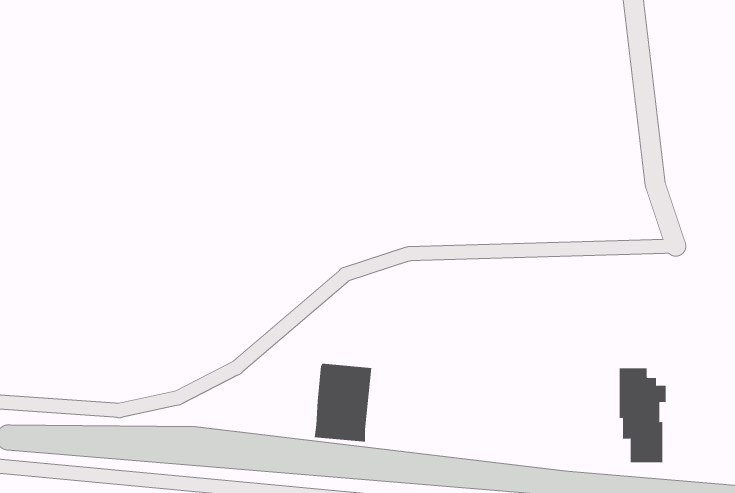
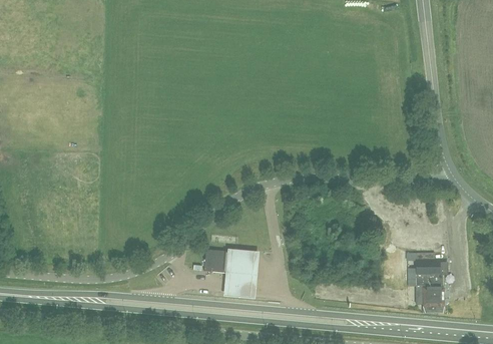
building: none -> [201,249,224,273]

